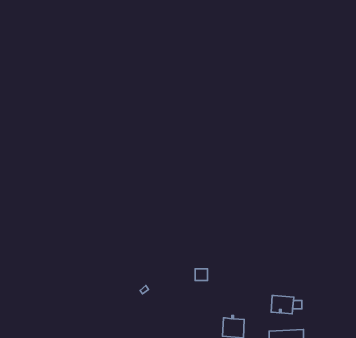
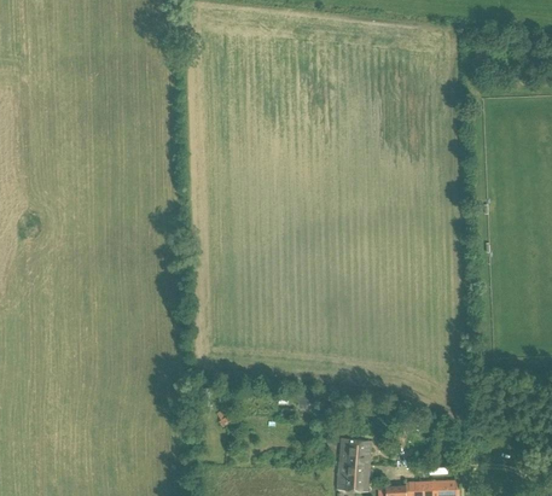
building: [271,295,294,314] -> [338,439,371,466]

